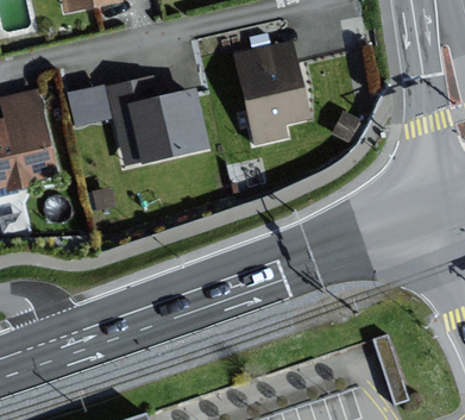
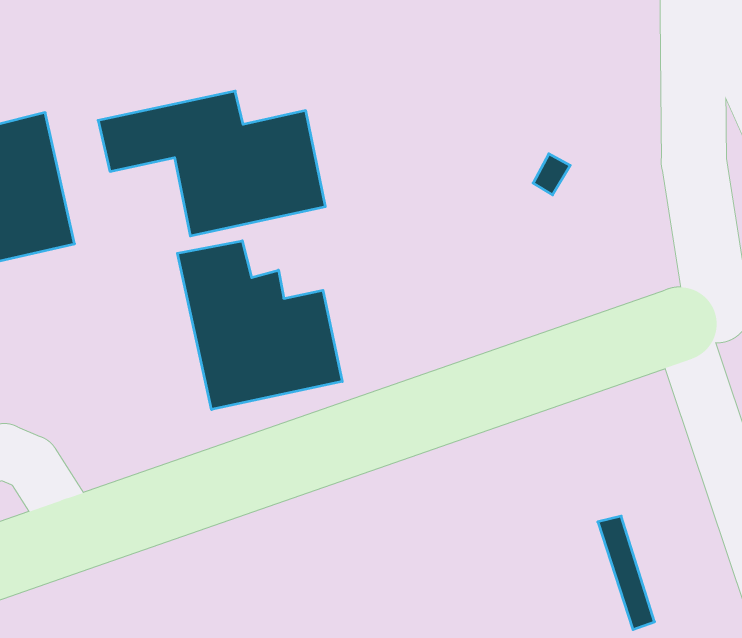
building: [231,40,310,144] -> none
building: none -> [177,241,342,410]

